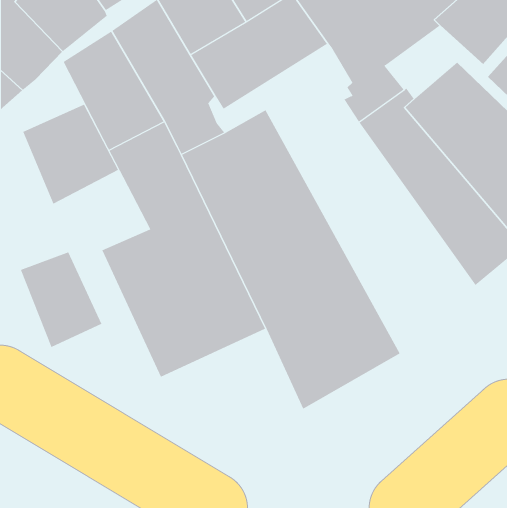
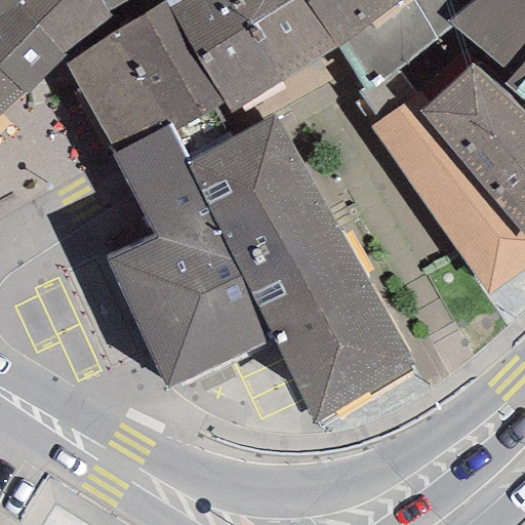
building: [22,104,119,204] -> none
building: [20,252,102,348] -> none

